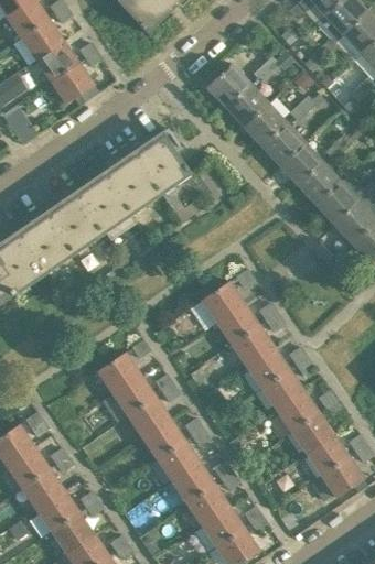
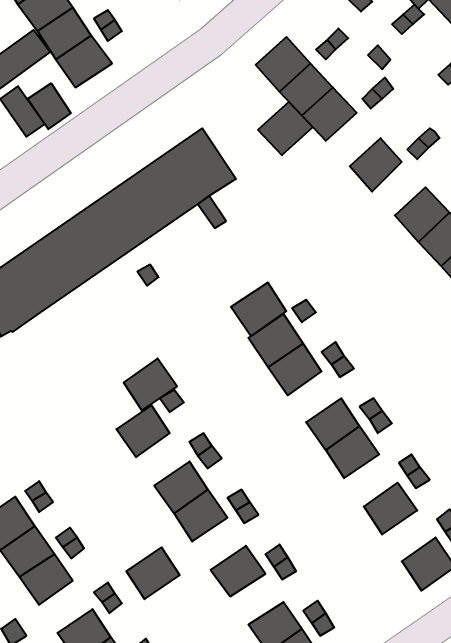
building: none -> [28,83,71,129]
building: [260,121,303,163] -> [258,102,313,155]
building: [297,160,339,202] -> none
building: none -> [231,282,286,336]
building: [231,324,272,364] -> none
building: [111,372,153,413] -> [124,358,177,410]
building: [275,389,317,430] -> none
building: [304,433,346,473] -> none
building: [156,438,197,479] -> [126,547,180,599]
building: [185,482,227,522] -> none
building: [35,488,77,529] -> none

